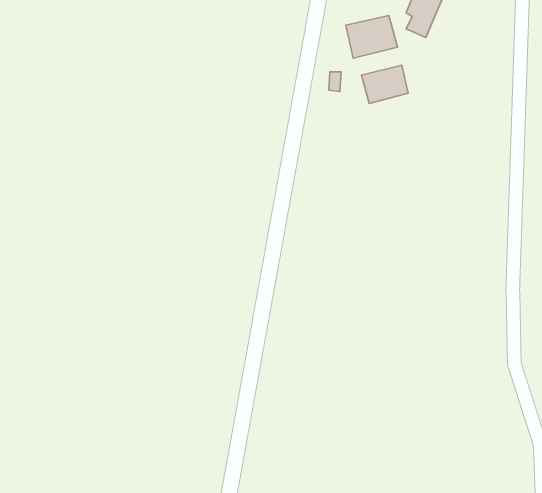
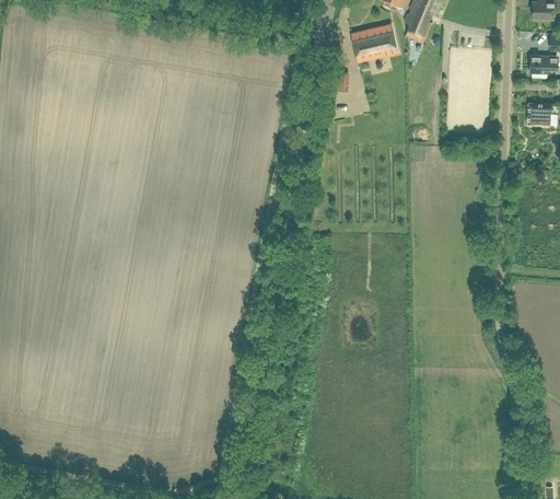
building: [361,65,408,104] -> none

